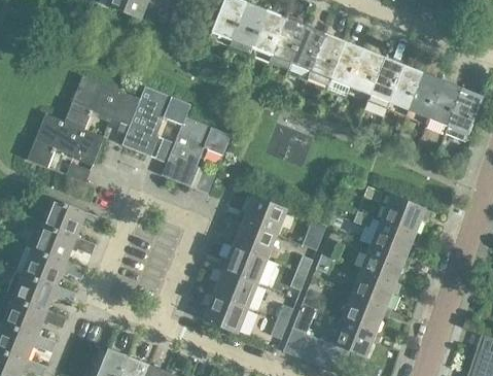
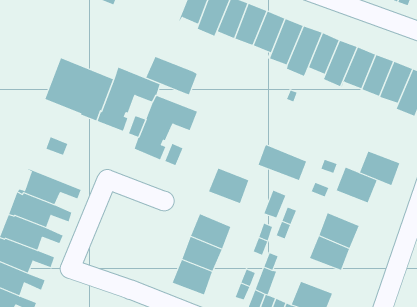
building: none -> [145,56,197,95]
building: [27,112,104,167] -> none
building: none -> [252,142,307,181]
building: [371,219,415,258] -> [359,151,400,186]
building: [233,220,277,259] -> none
building: [342,293,386,331] -> none

